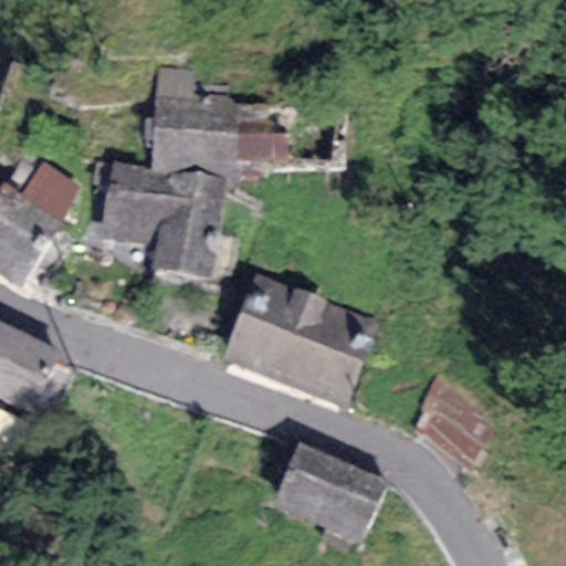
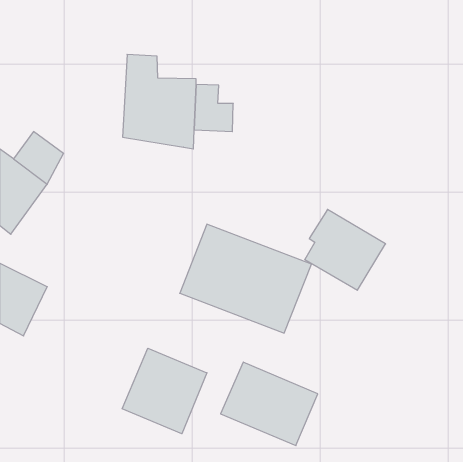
building: [97,160,223,276] -> none
building: [409,371,507,470] -> [305,209,386,290]
building: none -> [122,348,207,434]

